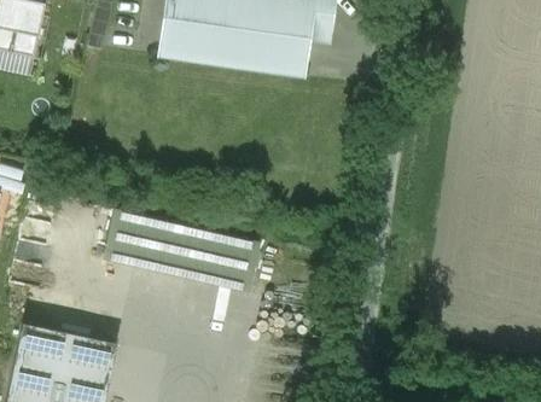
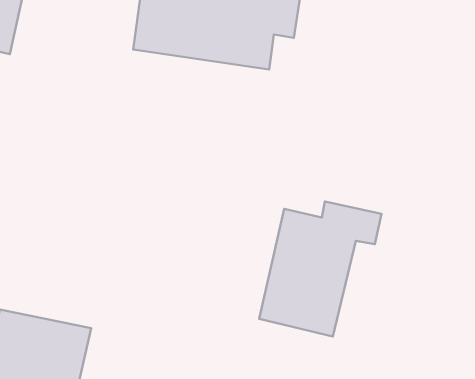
building: [105,210,258,291] -> none
building: none -> [259,201,381,336]

